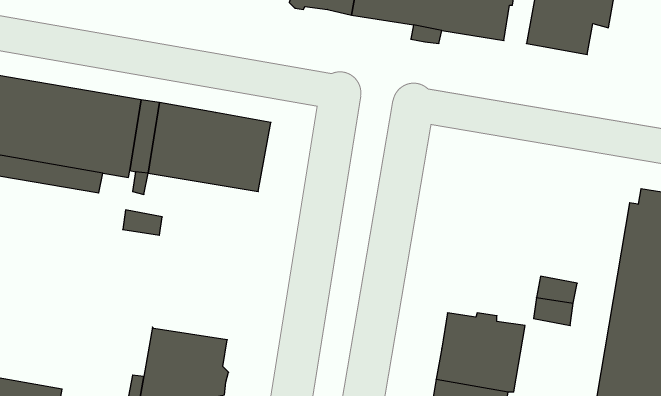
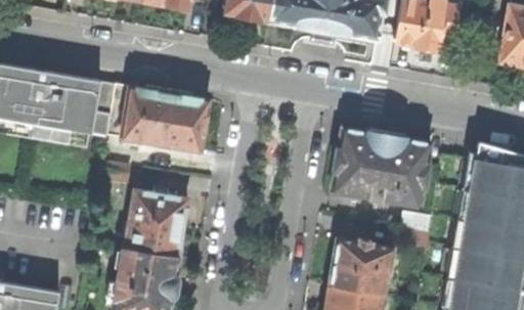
building: none -> [331,127,430,204]
building: none -> [125,191,188,257]

